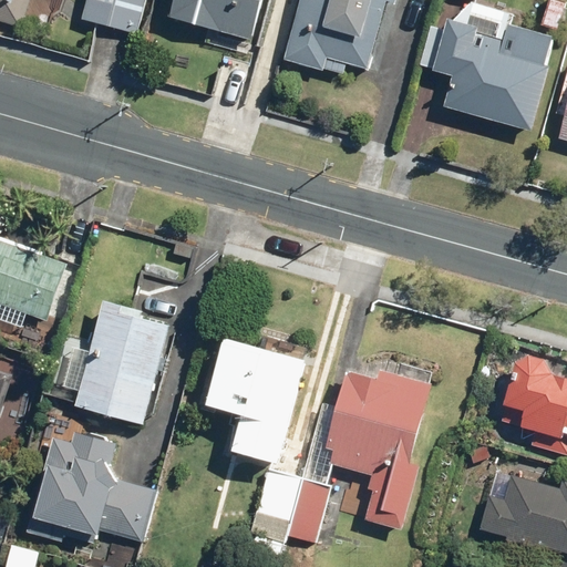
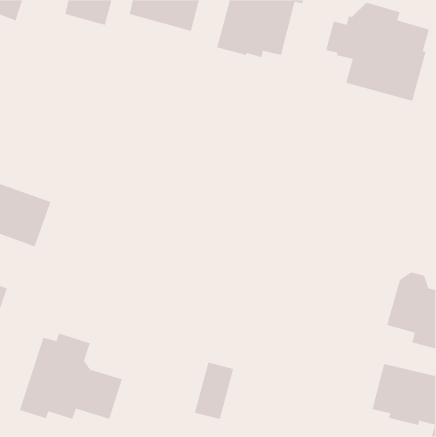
building: [73,298,169,424] -> none
building: [207,337,307,463] -> none
building: [289,369,432,542] -> none

